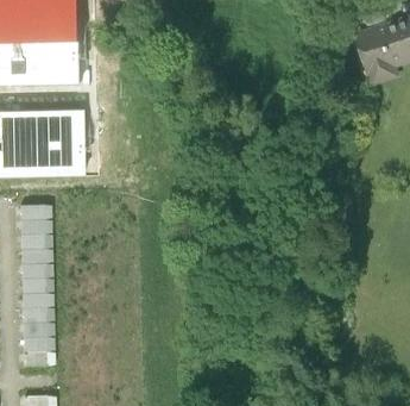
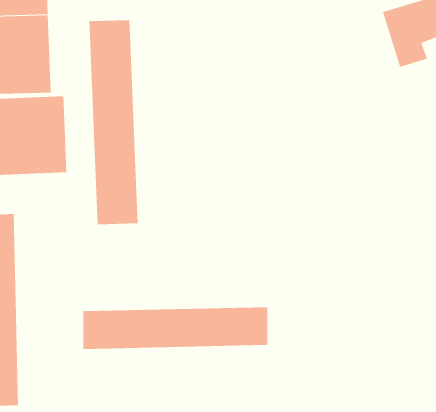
building: none -> [89,19,138,225]
building: none -> [83,306,268,350]

